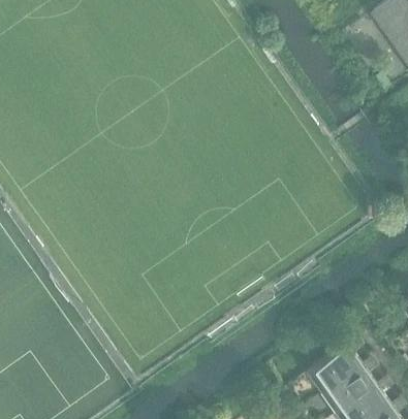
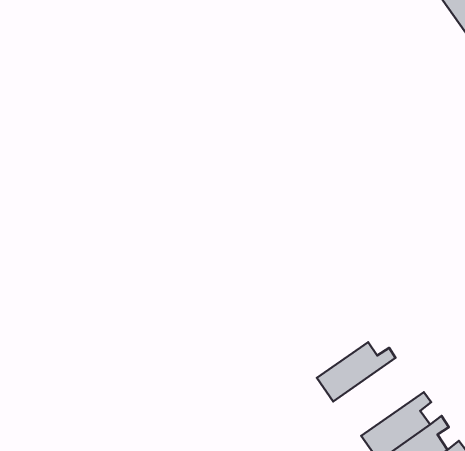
building: none -> [317,342,395,401]

